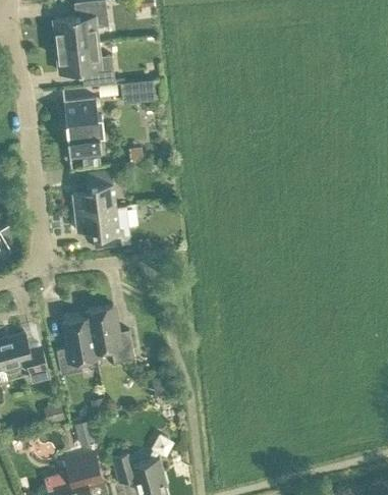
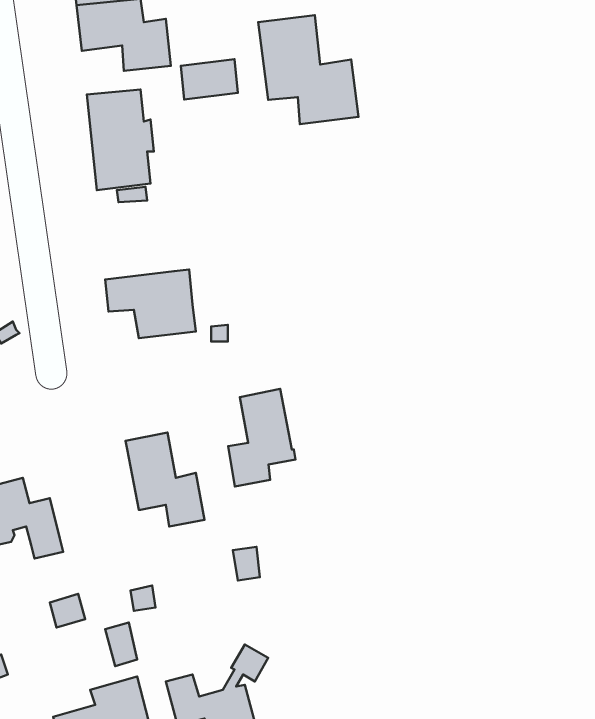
building: none -> [258,15,358,124]
building: [72,171,116,214] -> none
building: [56,317,97,376] -> [228,389,295,486]

